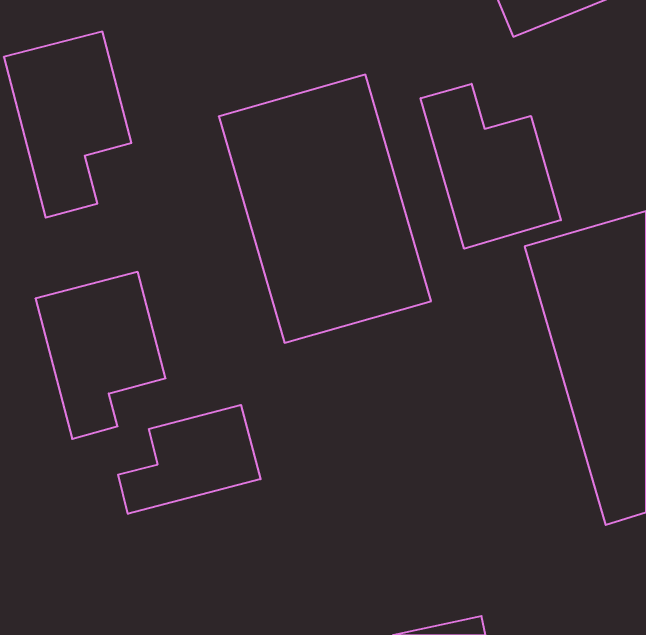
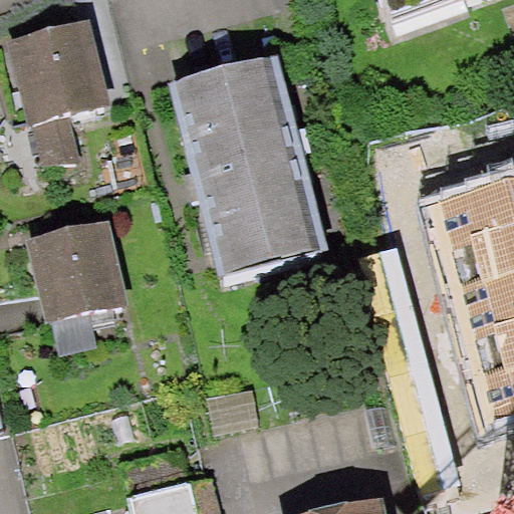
building: [421,84,561,249] -> none
building: [118,405,261,514] -> none

